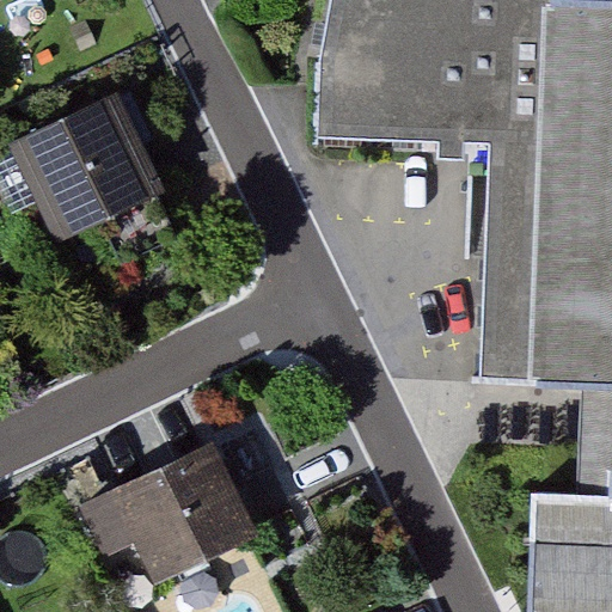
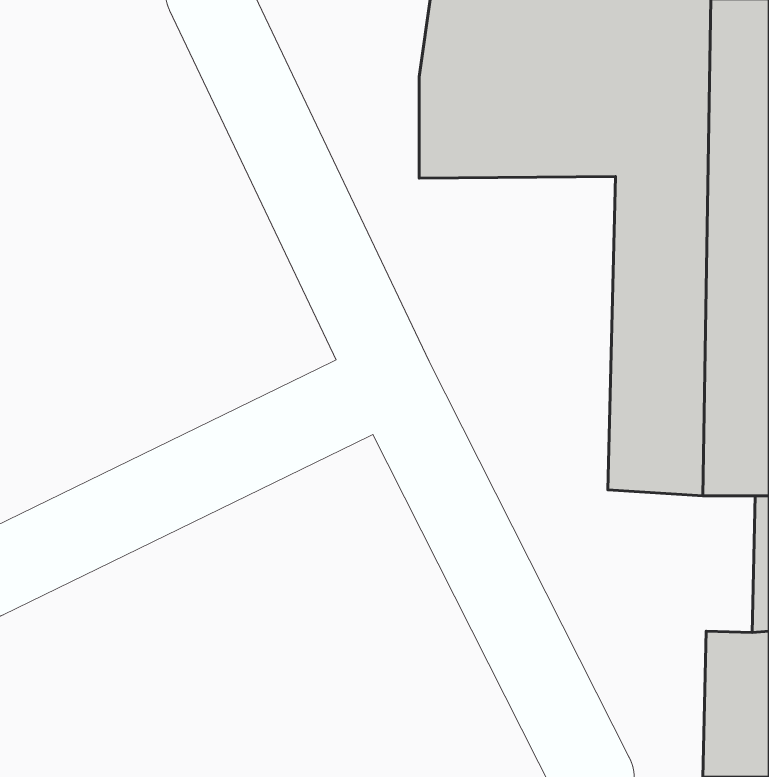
building: [8,96,155,238] -> none
building: [90,441,263,598] -> none

